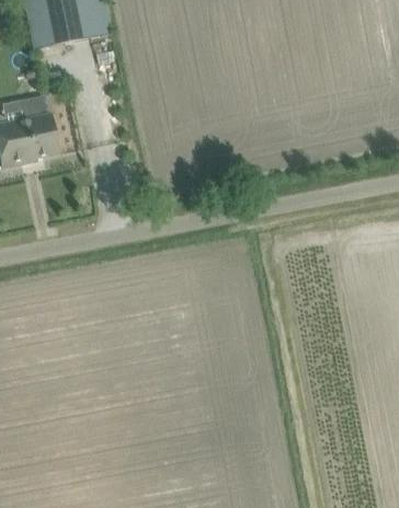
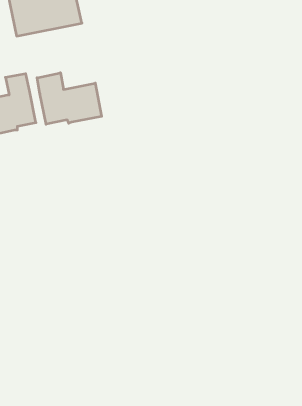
building: none -> [37,73,102,124]

